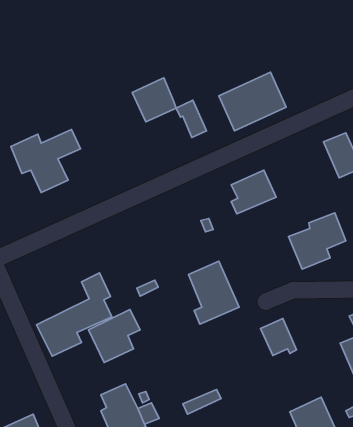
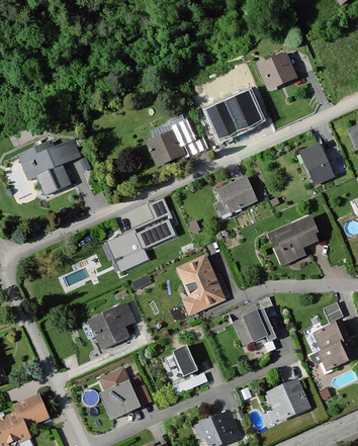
building: none -> [256,55,296,91]
building: [132,78,176,122] -> [145,127,184,167]
building: [36,273,112,356] -> [106,194,174,269]
building: none -> [174,347,197,376]

